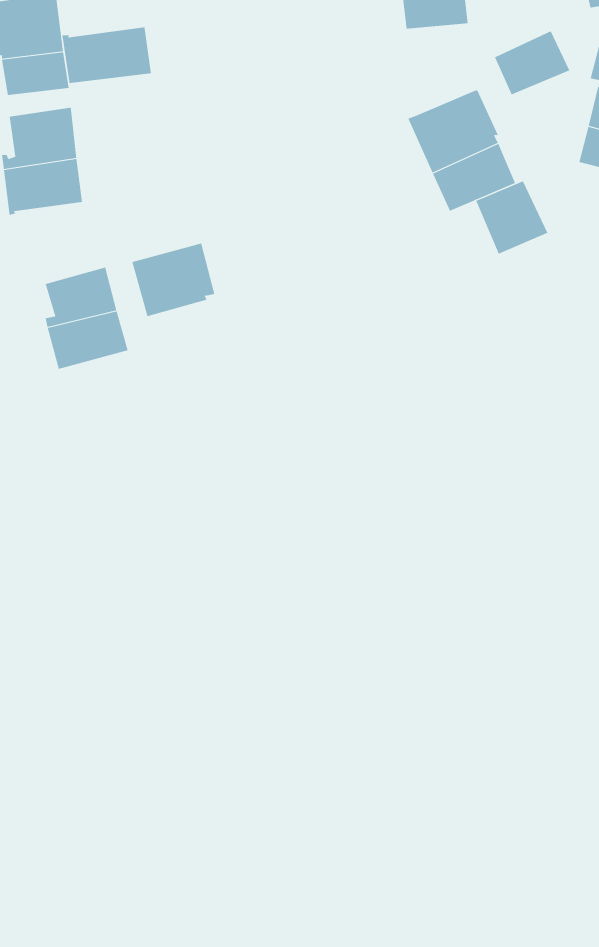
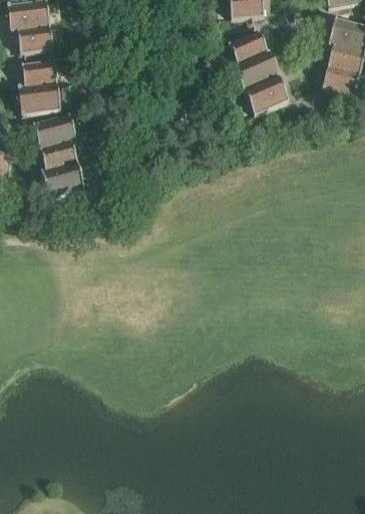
building: [62,27,152,84] -> none
building: [494,31,570,95] -> [228,27,268,61]
building: [475,180,548,255] -> none
building: [132,243,215,317] -> [32,111,76,151]

